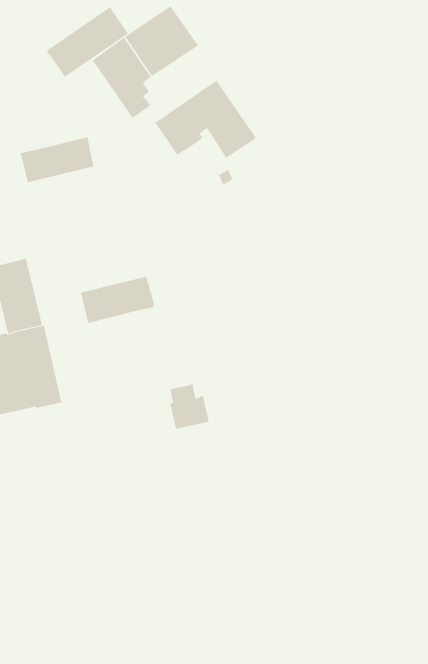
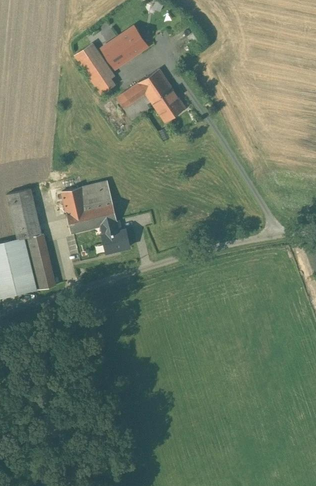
building: [46,6,129,78] -> none
building: [20,137,94,183] -> [61,182,111,213]
building: [169,383,210,429] -> [102,222,129,253]

